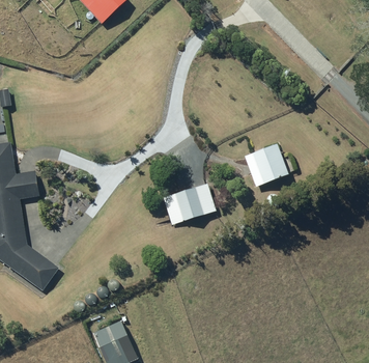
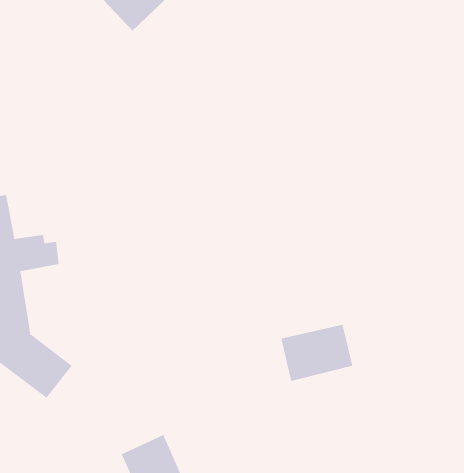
building: [243,144,289,189] -> none
building: [164,183,217,224] -> [280,324,353,381]

